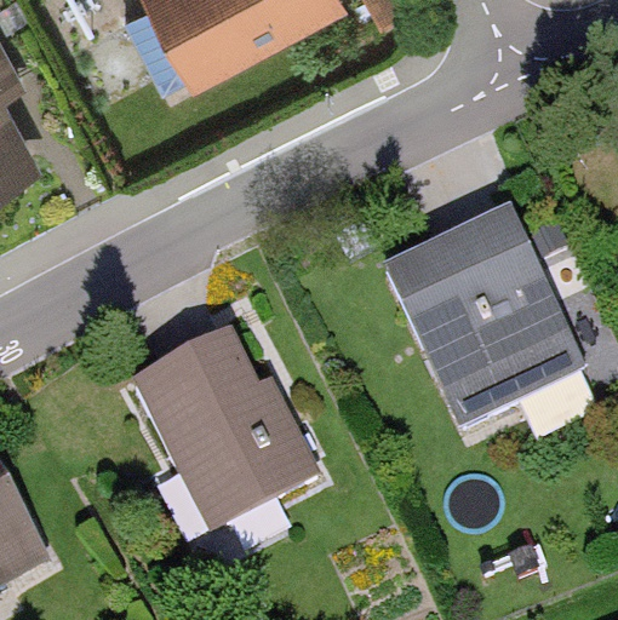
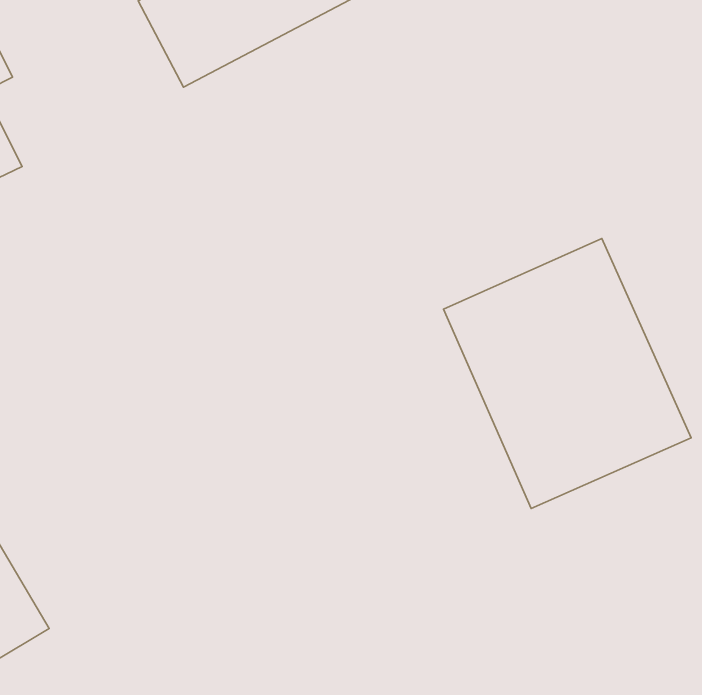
building: [133,323,321,529] -> none

